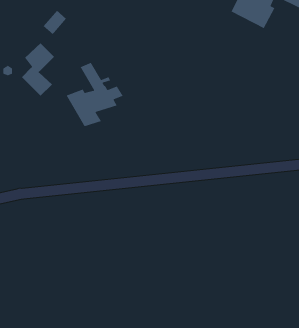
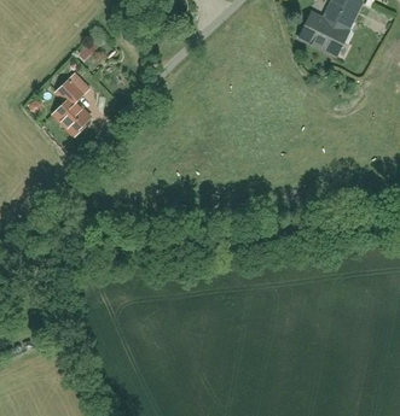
building: [65,62,124,127] -> none

